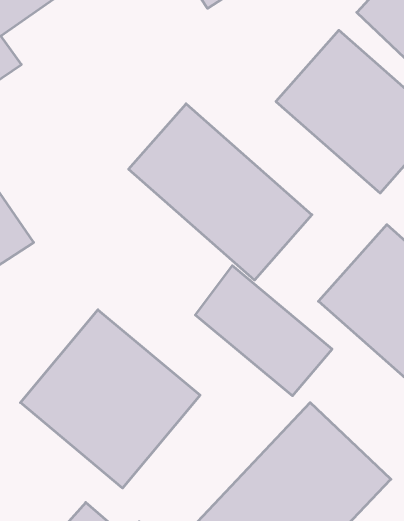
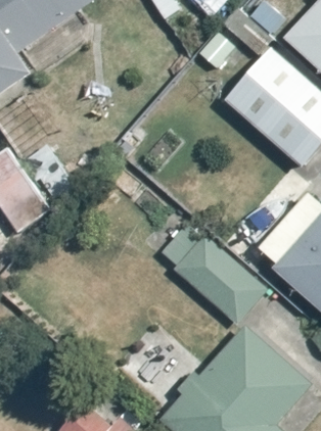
building: [129,104,312,280] -> none
building: [20,310,200,488] -> none

